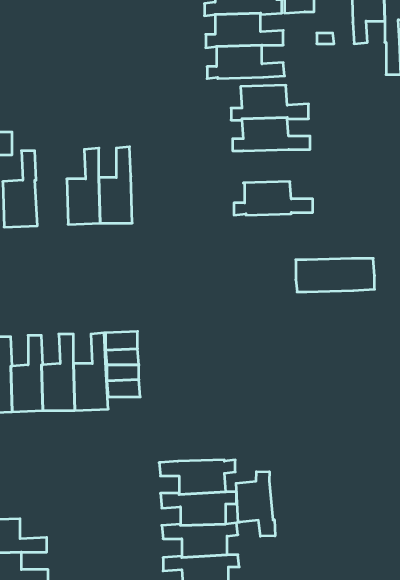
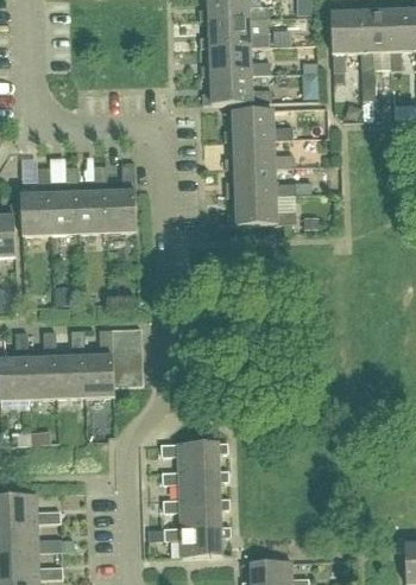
building: none -> [49,166,78,234]
building: [296,258,375,292] -> [225,166,295,196]
building: [236,472,275,536] -> none

